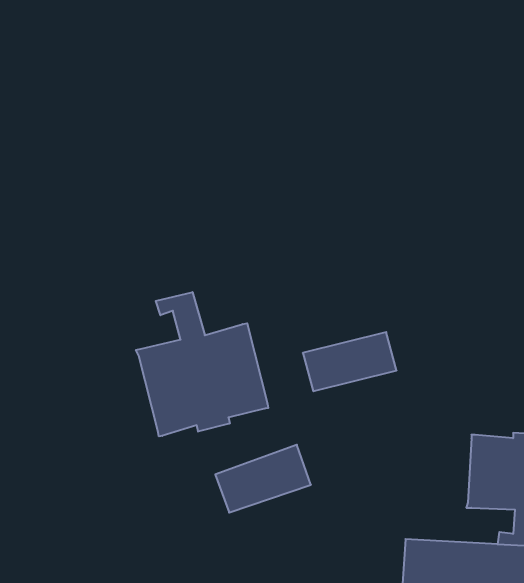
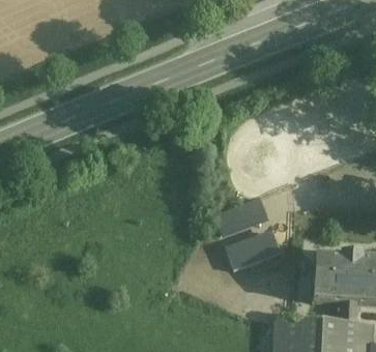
building: [136,292,268,436] -> none
building: [215,445,311,513] -> [227,229,284,269]

